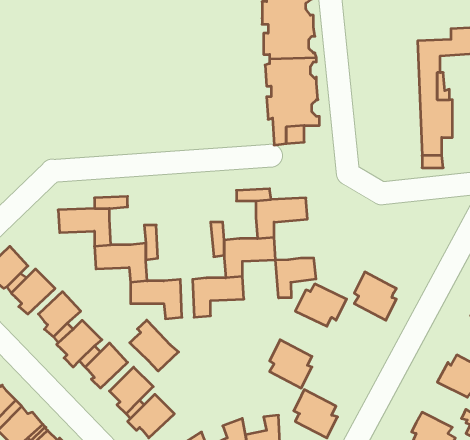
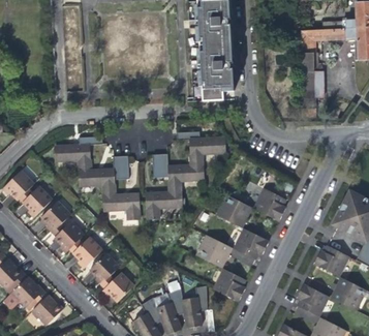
building: [276,258,316,298] -> none
building: [130,320,179,371] -> none
building: none -> [234,231,269,259]

